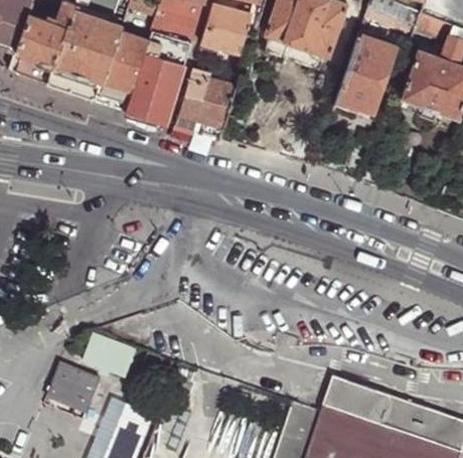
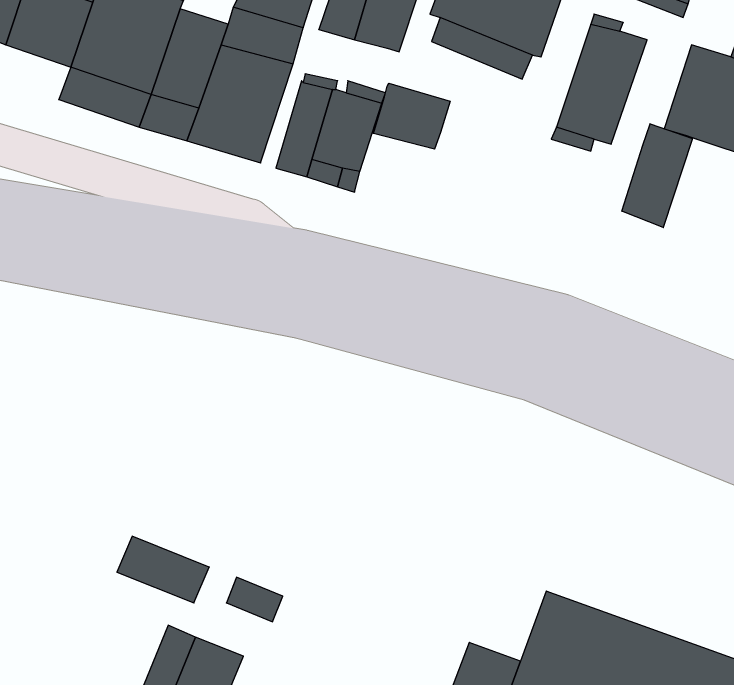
building: none -> [373,83,450,149]
building: none -> [622,124,692,228]
building: [43,368,96,415] -> none

